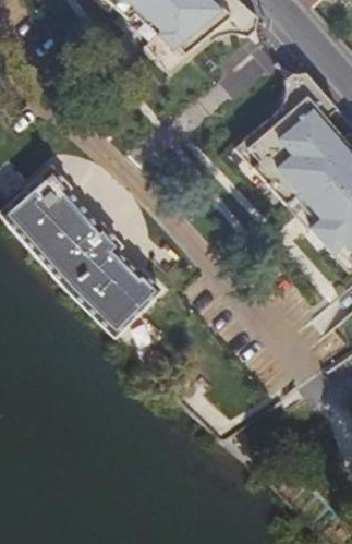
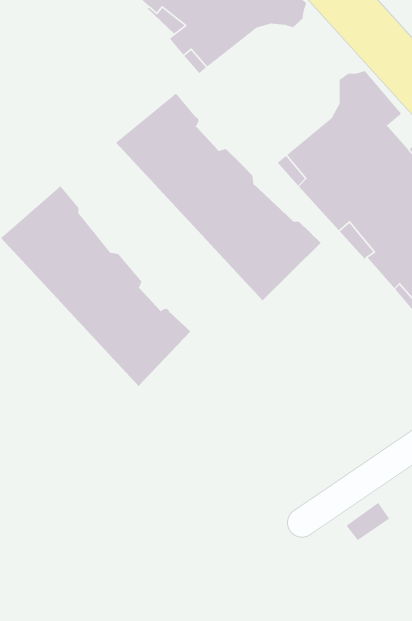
building: none -> [115,92,322,301]

